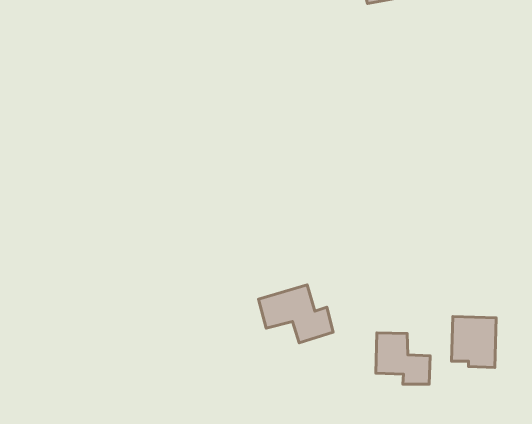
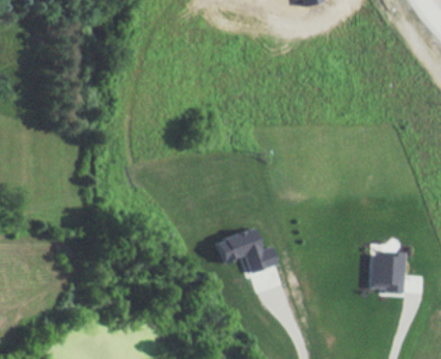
building: [376,333,430,384] -> none

